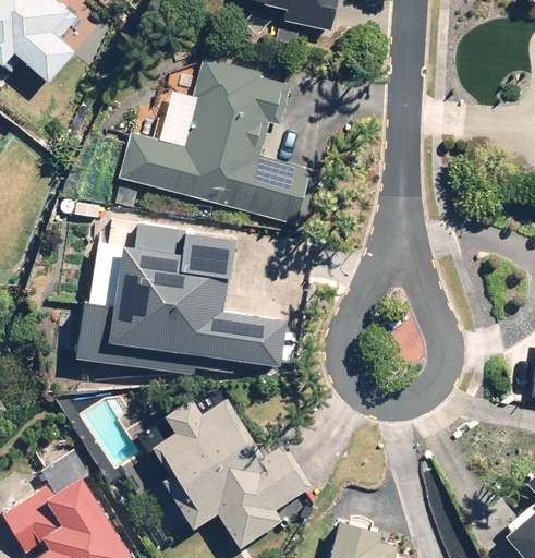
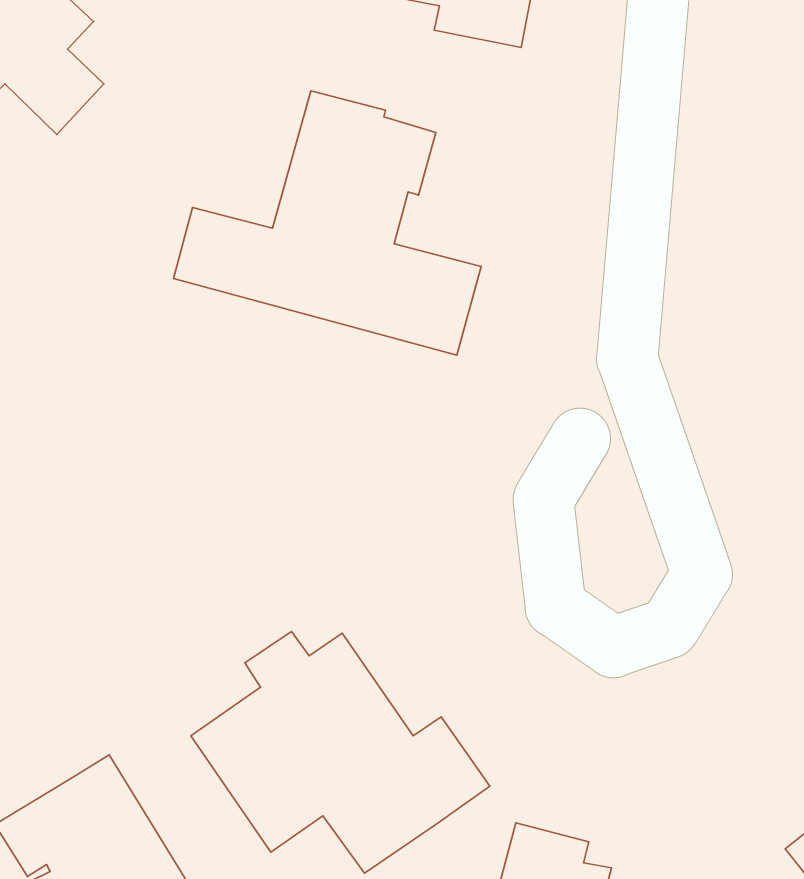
building: [83,227,287,372] -> none

